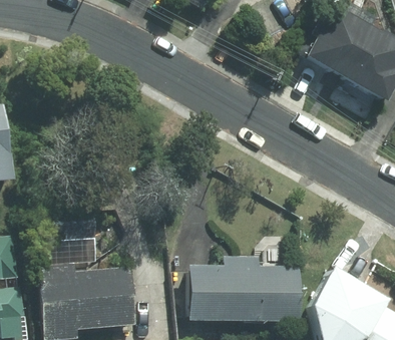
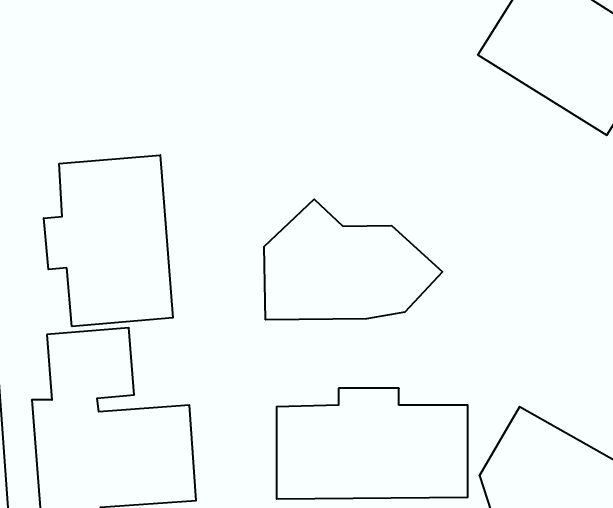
building: none -> [44,155,173,326]
building: none -> [264,199,442,320]

